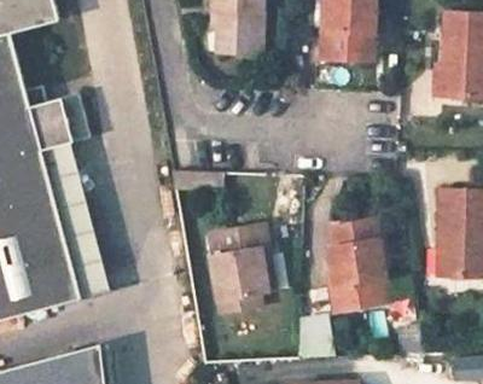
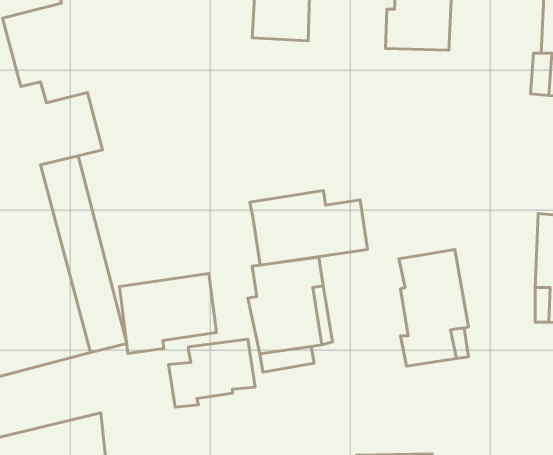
building: none -> [250,191,367,265]
building: none -> [119,274,217,353]
building: none -> [168,339,255,407]

